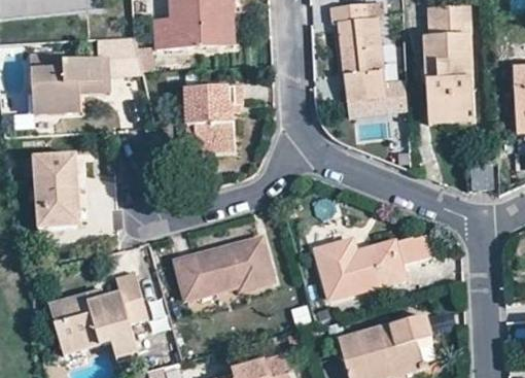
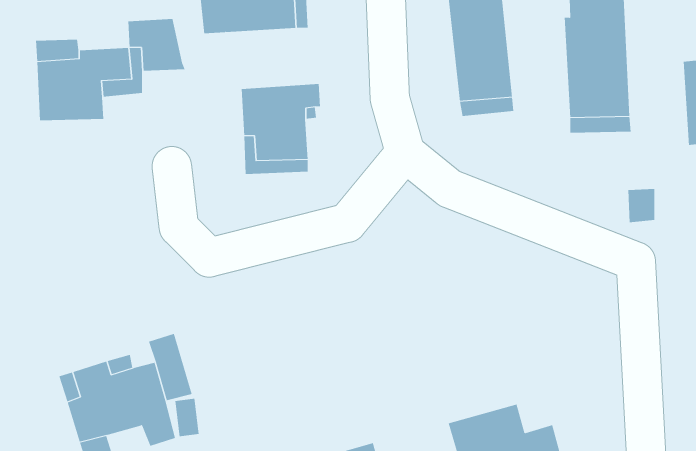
building: [32,152,82,227] -> none
building: [315,234,430,297] -> none
building: [176,237,273,299] -> none
building: [389,313,431,345] -> none

